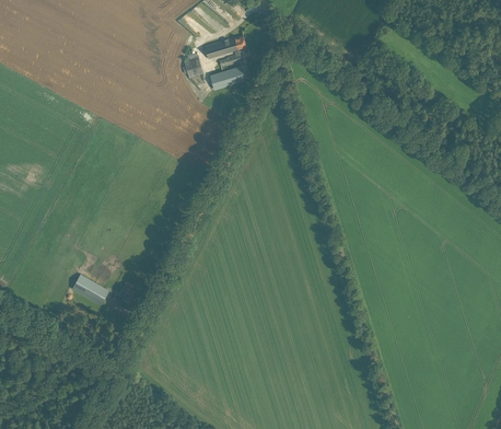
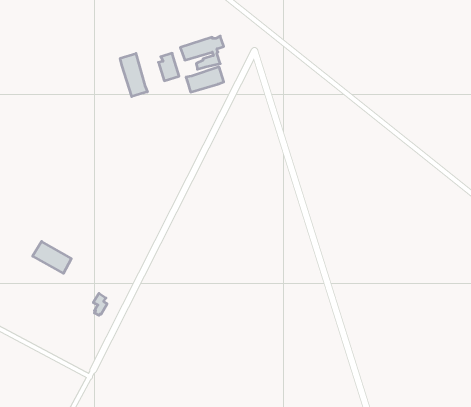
building: none -> [120,53,147,97]
building: [71,275,108,305] -> [33,241,71,273]

